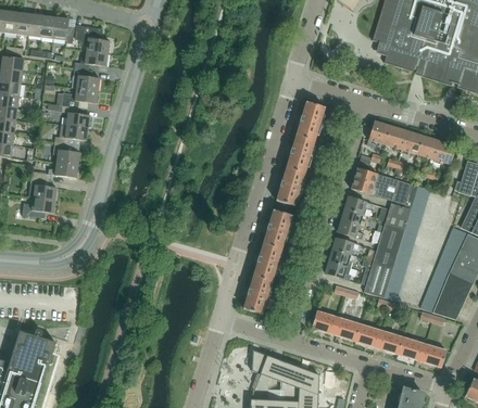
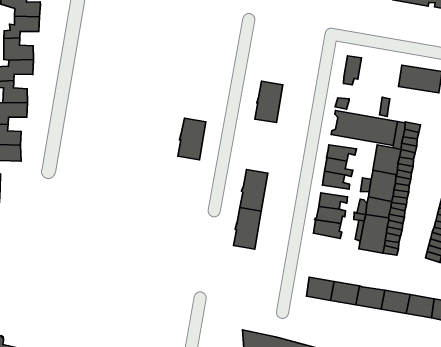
building: [297,101,325,139] -> none
building: [381,124,422,153] -> none
building: [277,166,305,204] -> [178,118,206,160]
building: [244,275,273,313] -> none

